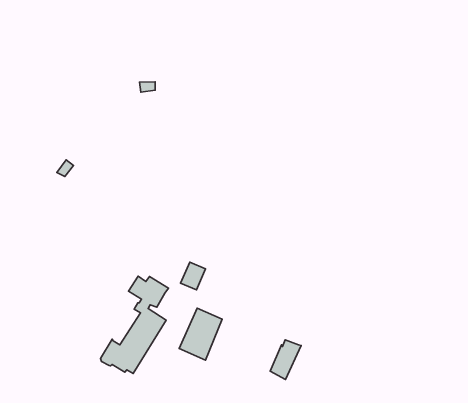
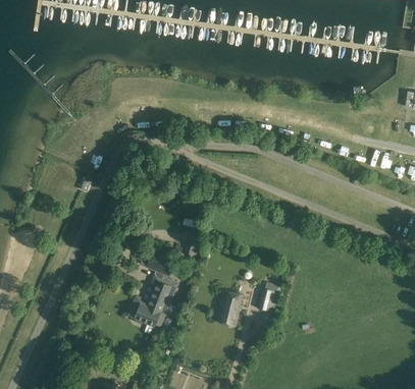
building: [179,308,222,360] -> [213,288,241,325]

